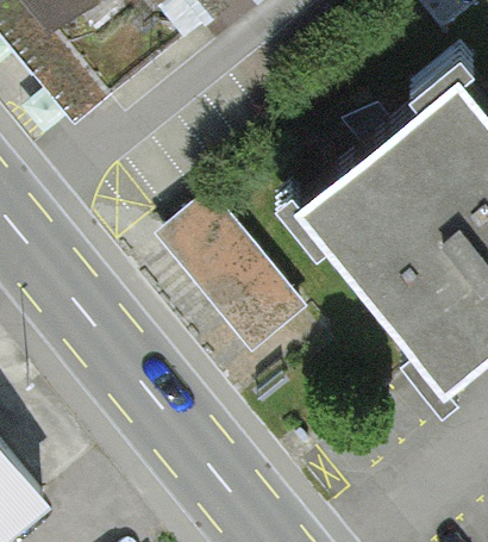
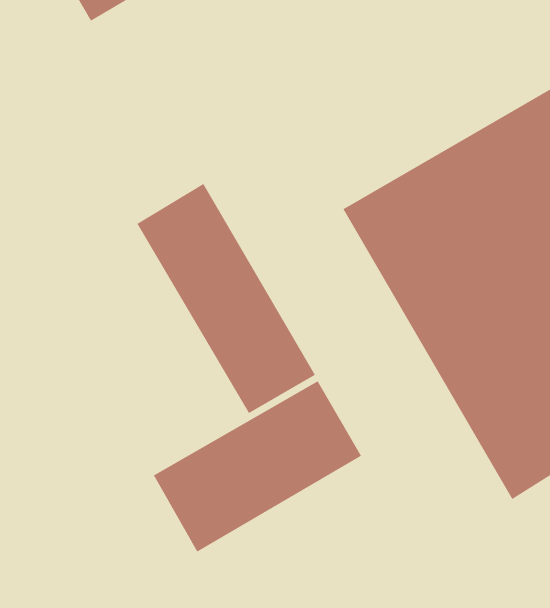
building: none -> [153,381,362,552]

